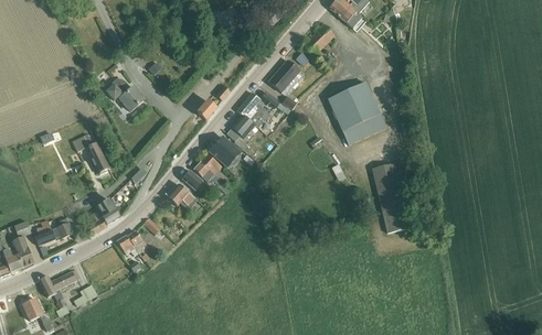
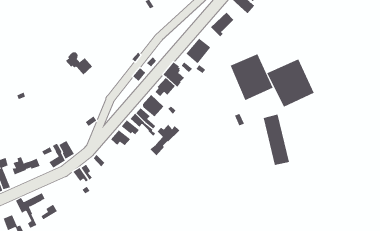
building: none -> [267,59,314,107]
building: [73,133,109,174] -> none
building: none -> [150,124,180,156]

